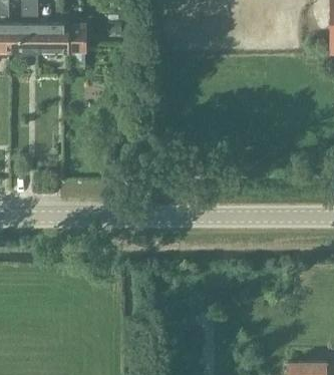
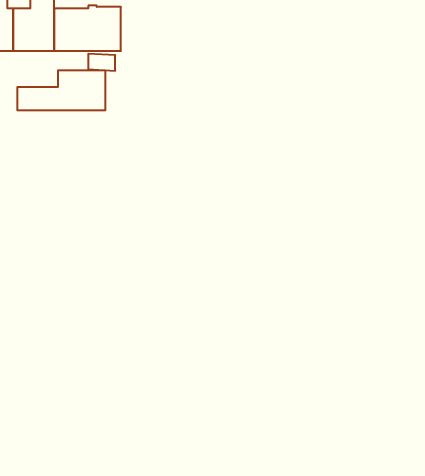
building: none -> [17,70,105,110]

